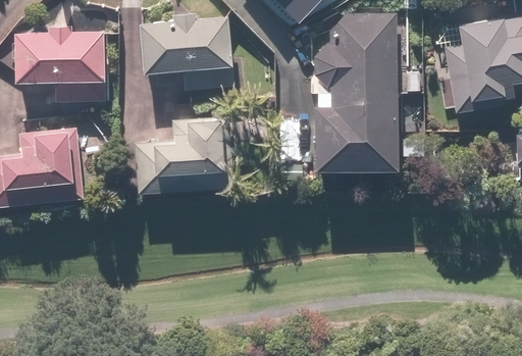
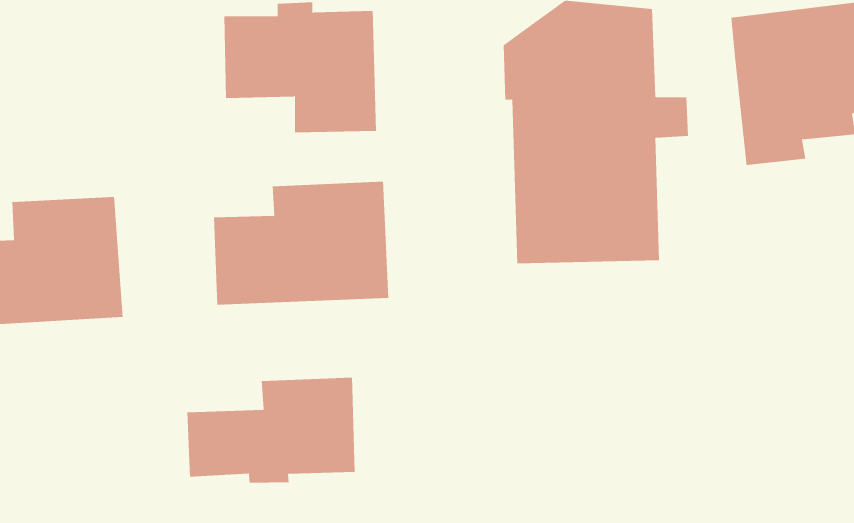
building: [16,31,110,107] -> none
building: none -> [187,377,355,484]

